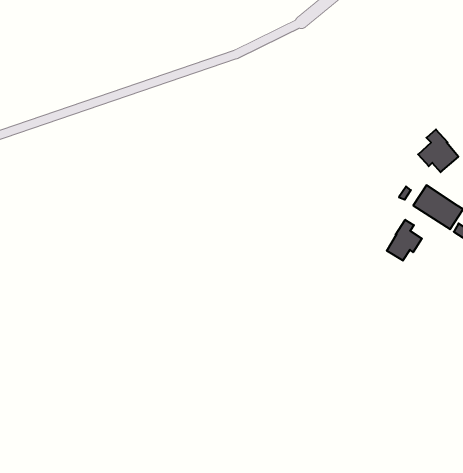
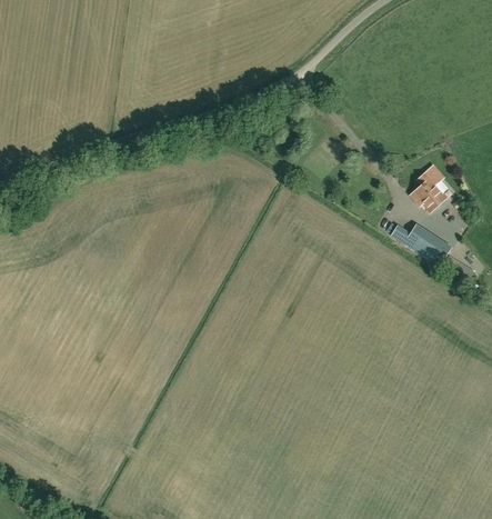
building: [387,220,422,261] -> none

